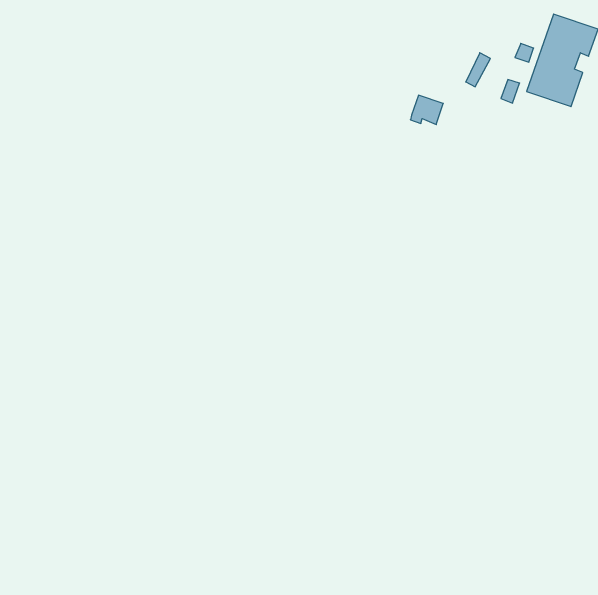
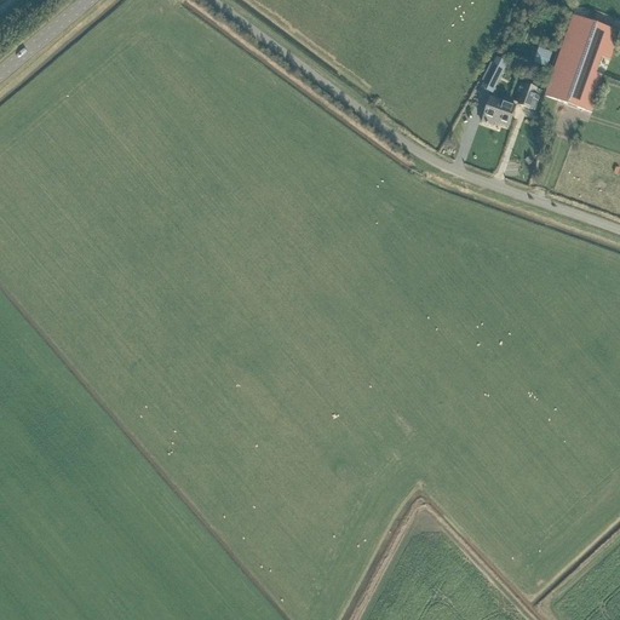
building: [410,95,443,125] -> [482,94,516,125]

